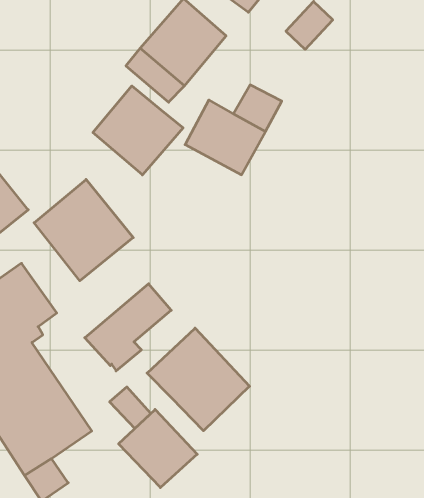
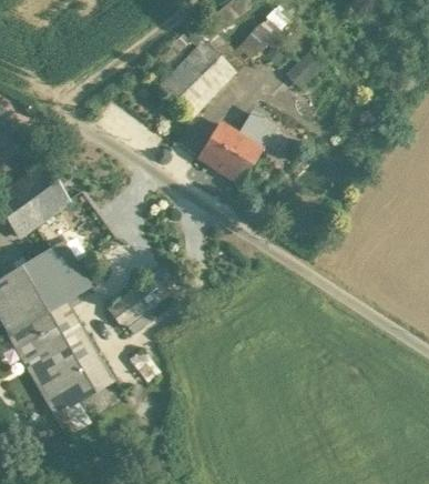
building: [93,86,183,175] -> none
building: [34,179,133,281] -> none
building: [147,328,250,431] -> none
building: [119,409,197,488] -> none

